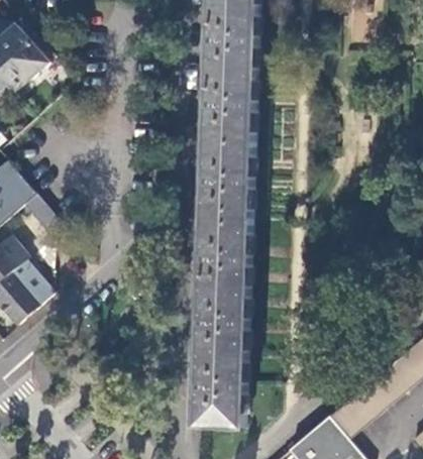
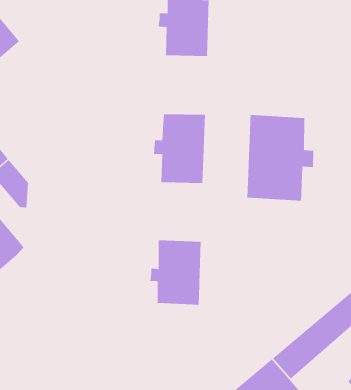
building: [198,80,254,145] -> none
building: none -> [247,114,314,201]
building: [193,221,249,286] -> none
building: [188,355,245,429] -> none

